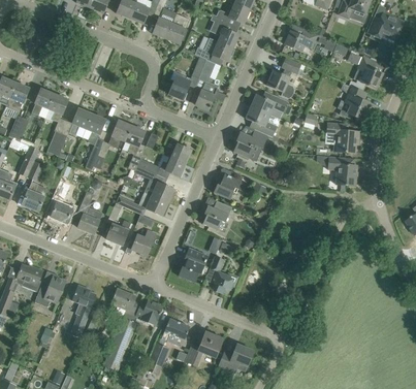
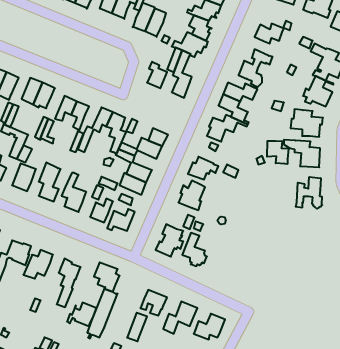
building: none -> [267,141,288,164]
building: none -> [296,177,322,209]
building: [131,300,163,326] -> [67,303,97,326]

